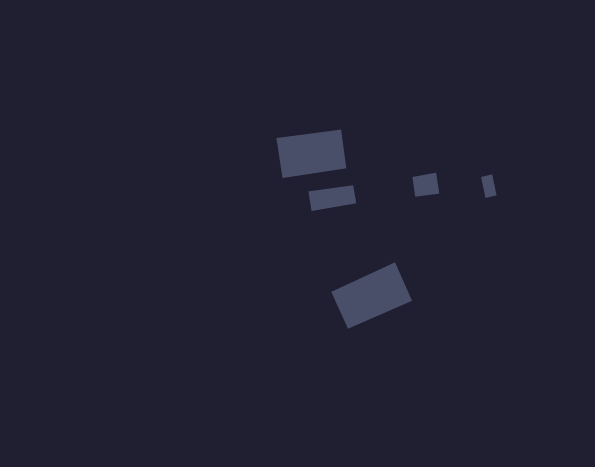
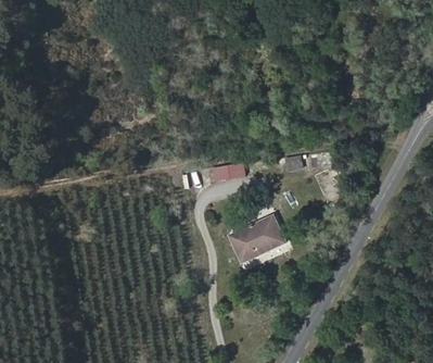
building: [275,129,347,179] -> none

